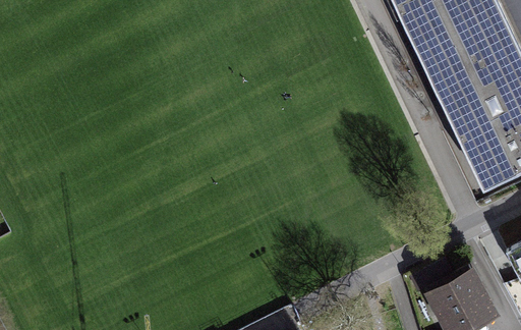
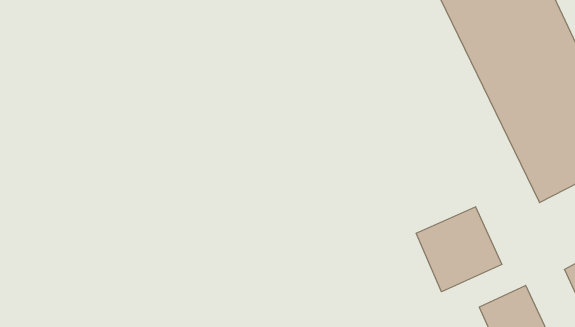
building: none -> [416,207,502,292]

